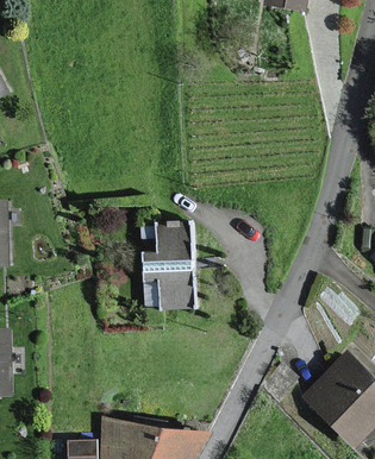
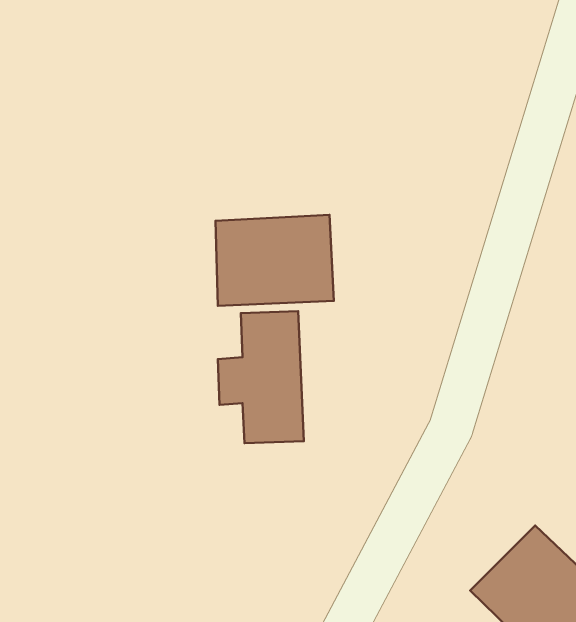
building: none -> [215,215,334,306]

